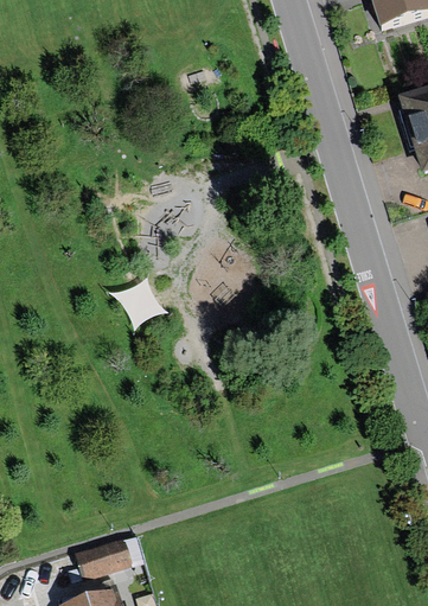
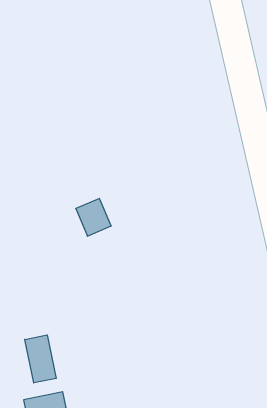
building: none -> [25,335,56,383]

